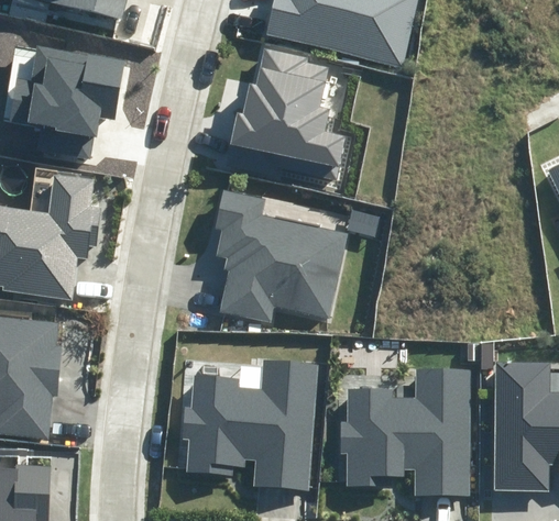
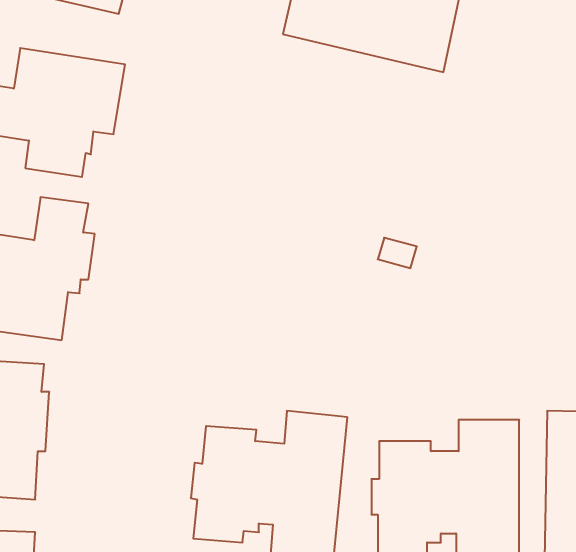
building: [231,47,344,181] -> none
building: [212,190,349,323] -> none

